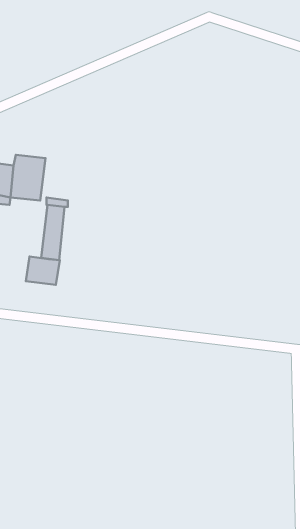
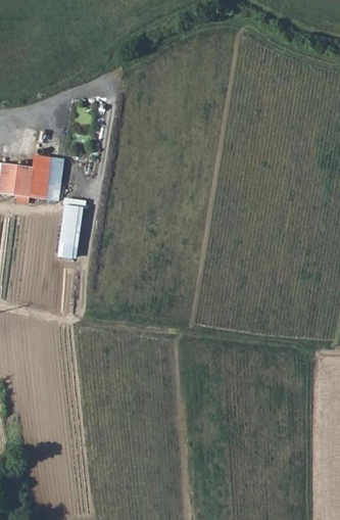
building: [26,256,60,285] -> none

